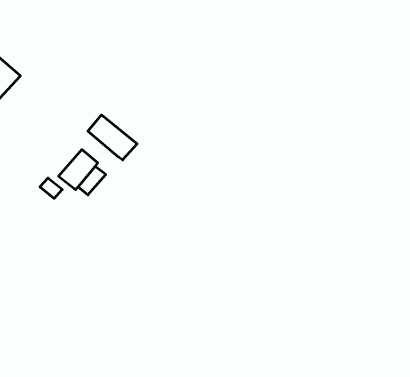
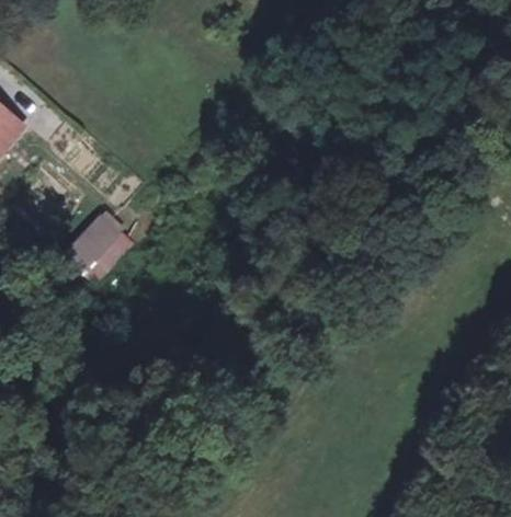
building: [88,115,137,160] -> none

